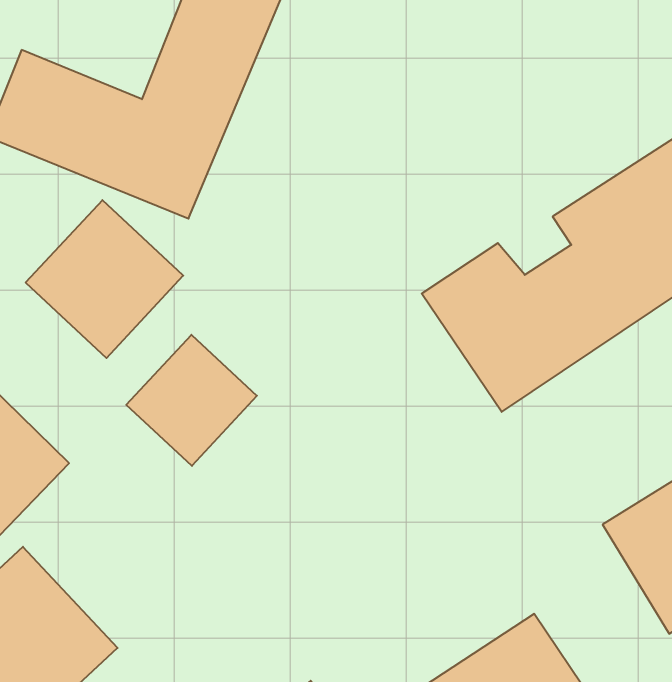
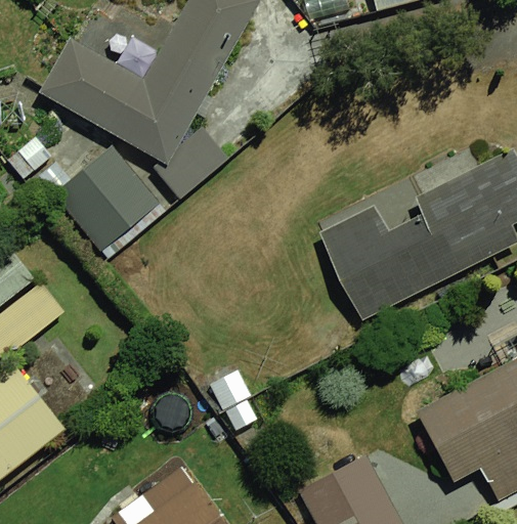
building: [126,335,257,466] -> none

